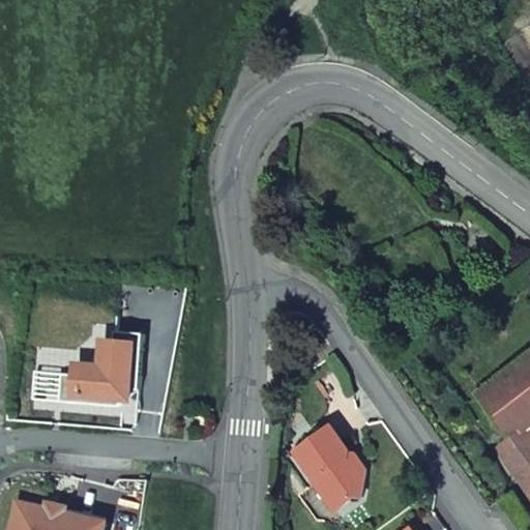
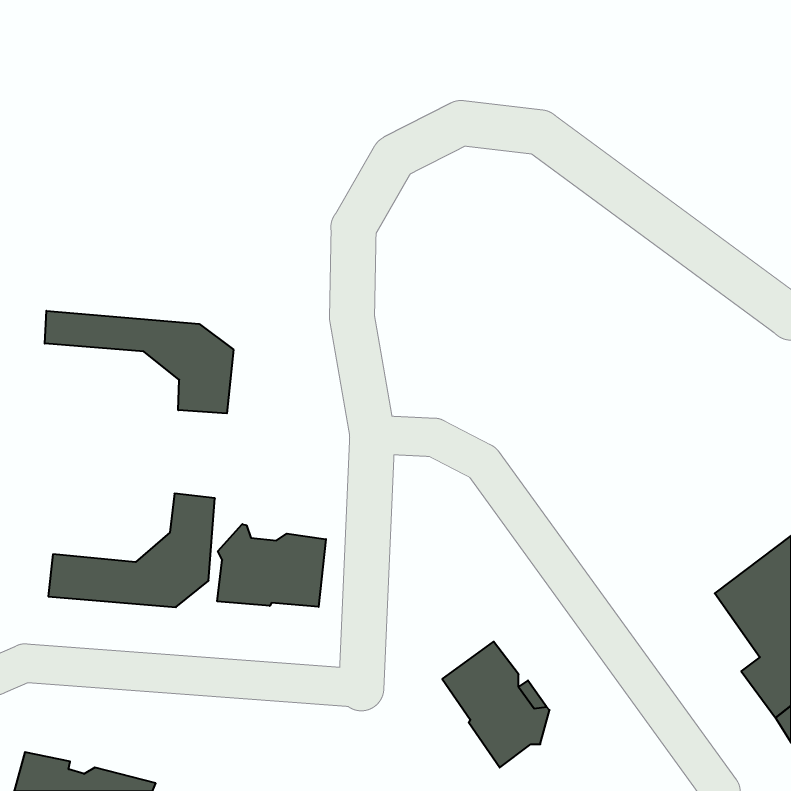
building: none -> [45,311,233,413]
building: none -> [217,524,326,607]

